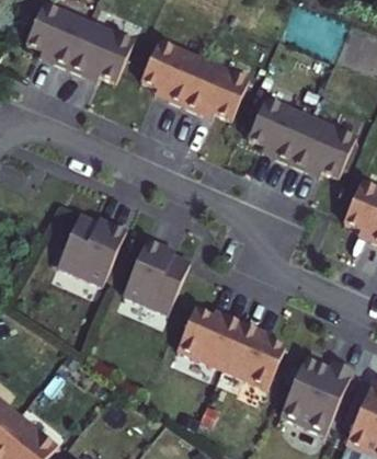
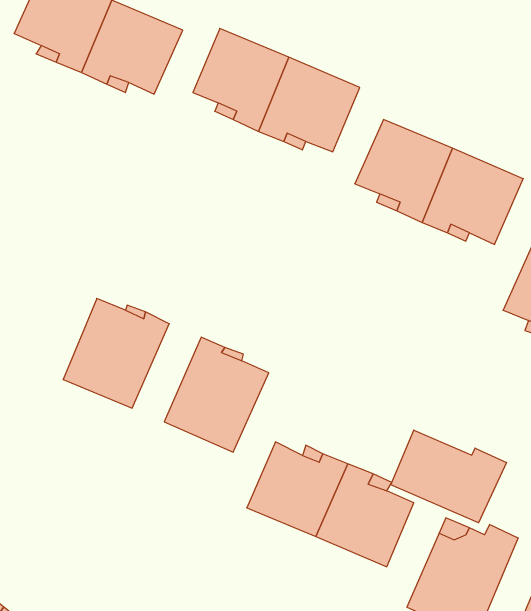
building: none -> [391,430,506,523]

